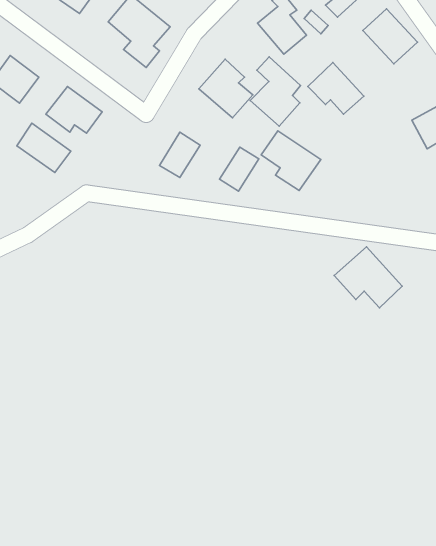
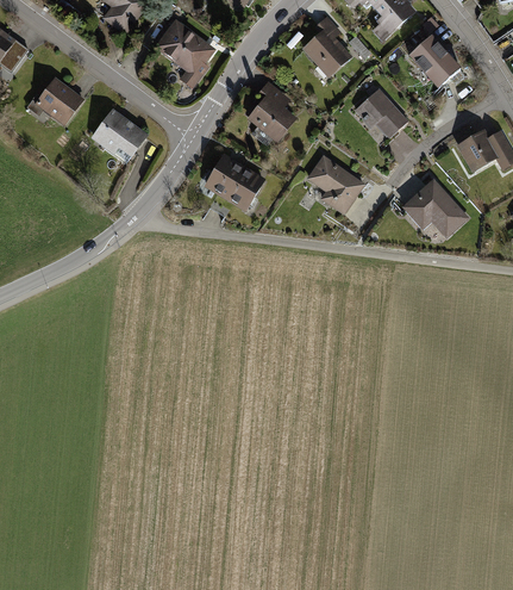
building: [250,57,301,126] -> none
building: [17,123,71,173] -> none
building: [219,147,259,191] -> [225,168,264,212]
building: [334,247,402,308] -> [401,176,469,237]

